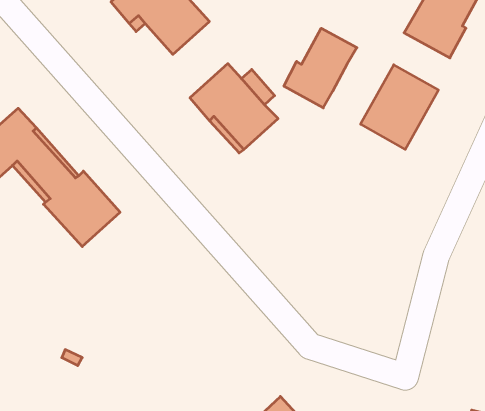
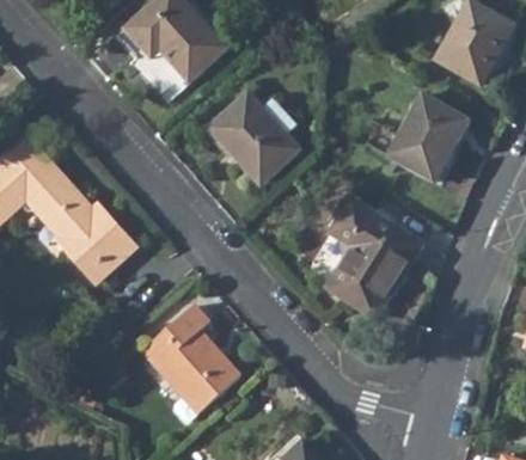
building: [284,28,357,108] -> none
building: none -> [323,197,422,320]
building: none -> [143,306,238,421]

